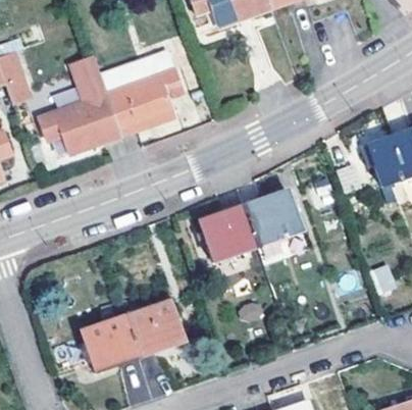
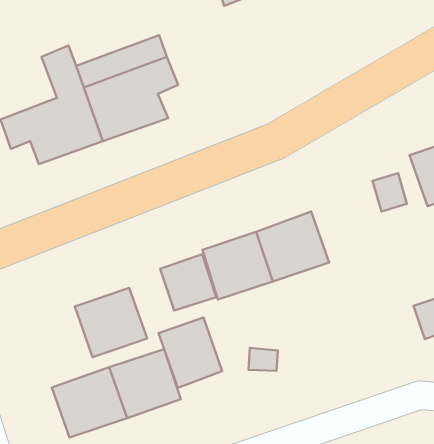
building: none -> [160,254,216,310]
building: none -> [75,288,147,357]
building: none -> [158,317,222,388]

